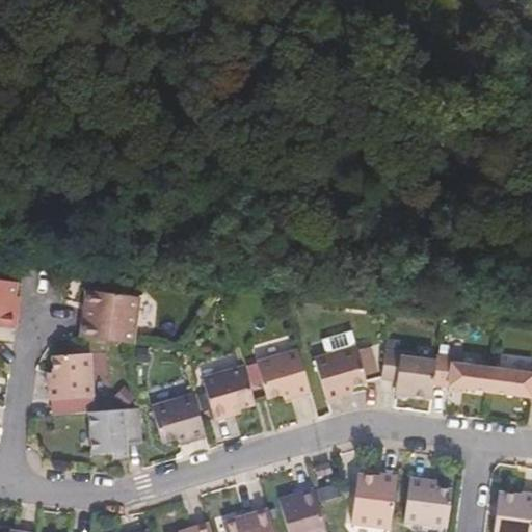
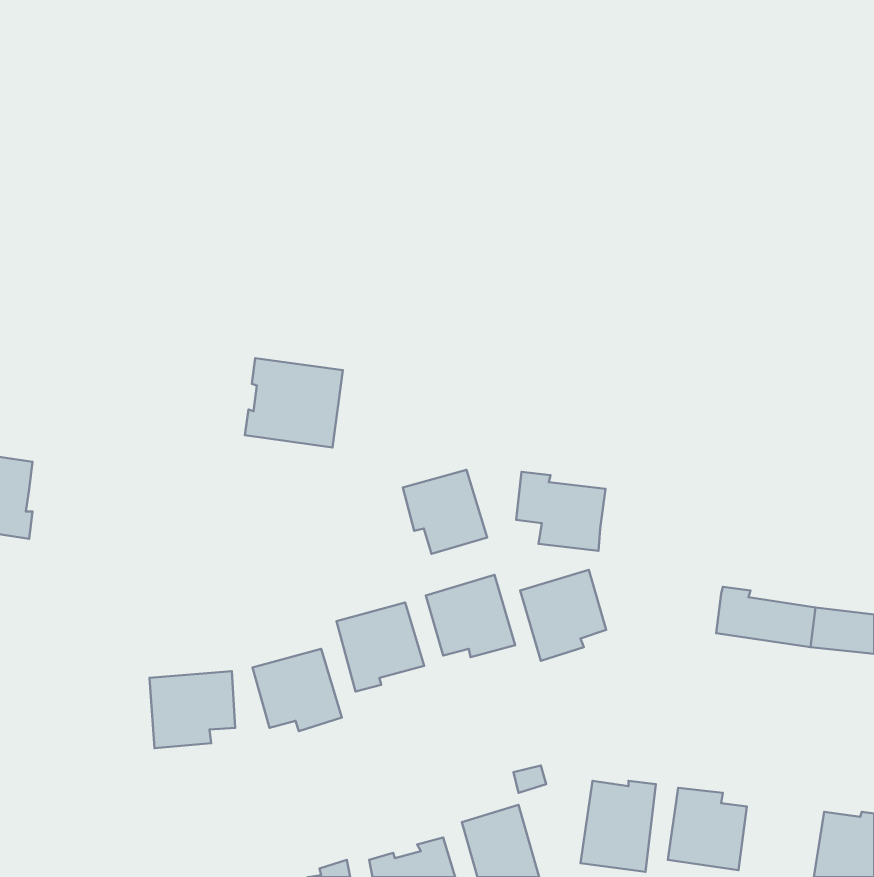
building: none -> [403,470,487,554]
building: [82,288,141,342] -> [245,358,343,447]
building: [382,349,436,397] -> [516,472,605,551]
building: [49,351,95,398] -> none

